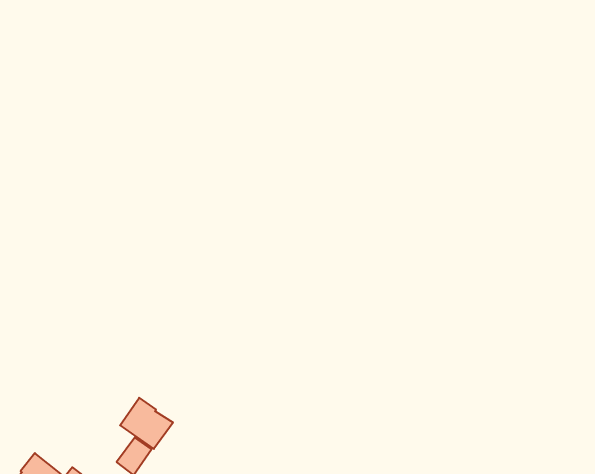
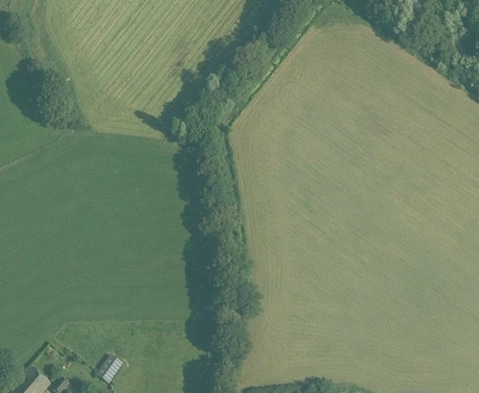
building: [120,398,173,449] -> none

